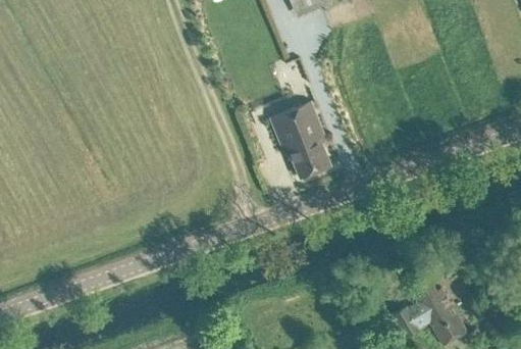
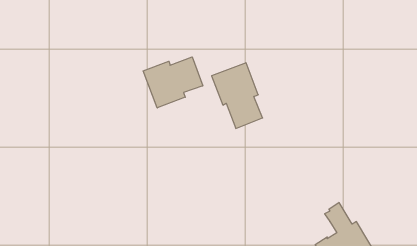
building: none -> [143,57,203,108]

